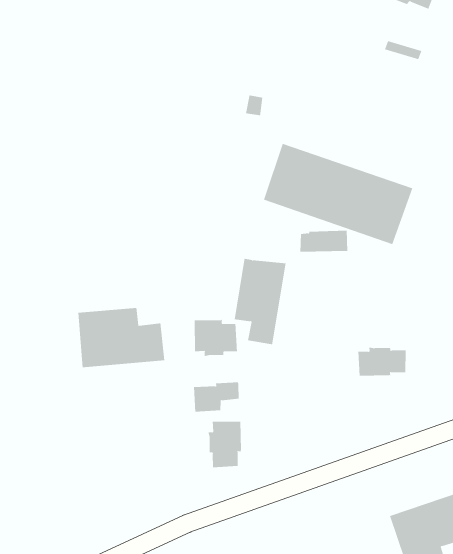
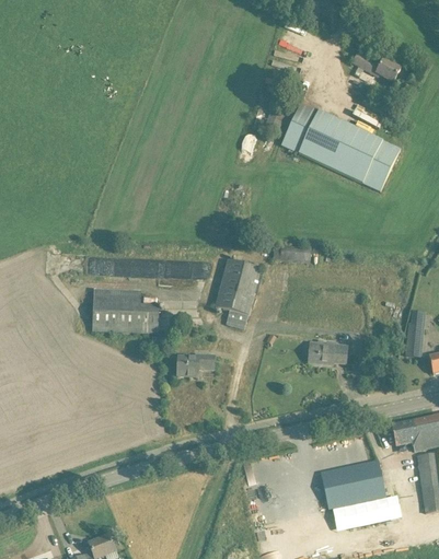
building: [263,143,413,245] -> [282,102,401,190]
building: [194,318,237,357] -> none
building: [208,421,243,468] -> none

